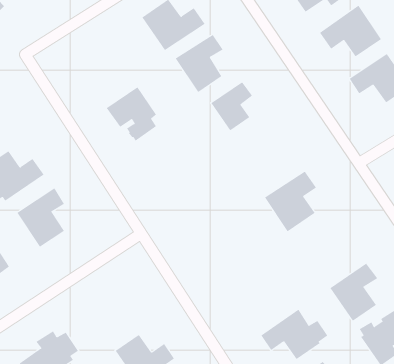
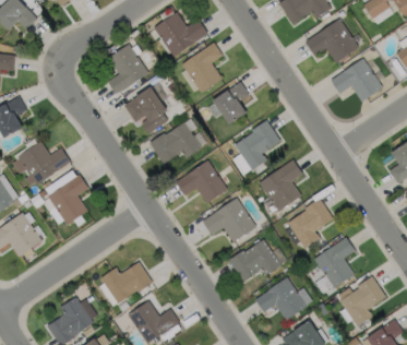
building: none -> [108,44,148,94]
building: none -> [235,121,282,170]
building: none -> [149,122,202,164]
building: none -> [175,160,226,203]
building: none -> [202,198,255,242]
building: none -> [285,198,335,249]
building: none -> [229,239,282,282]
building: none -> [103,260,155,301]

